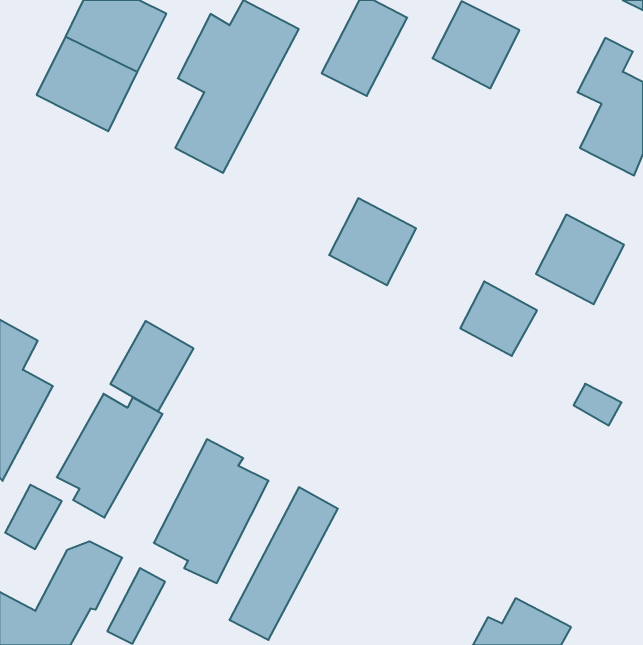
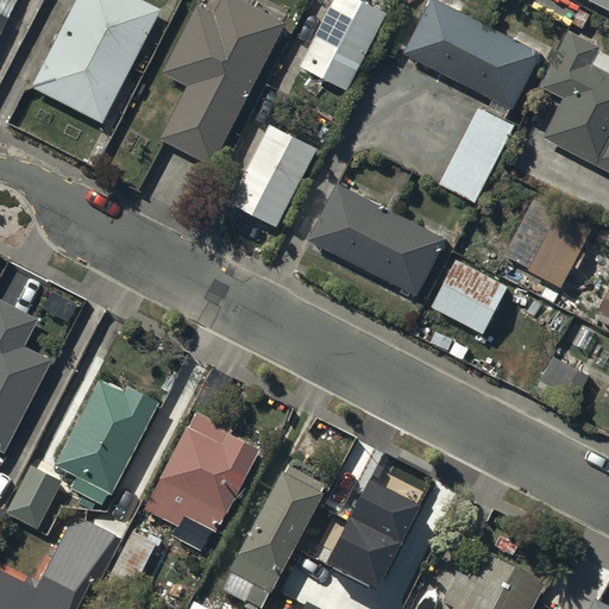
building: none -> [463,29,542,109]
building: none -> [441,111,513,200]
building: none -> [236,128,316,225]
building: none -> [365,215,445,295]
building: [110,321,193,411] -> none
building: none -> [325,481,416,589]

